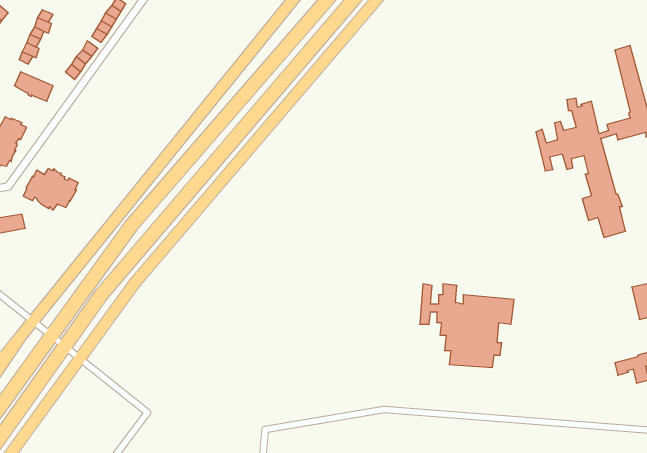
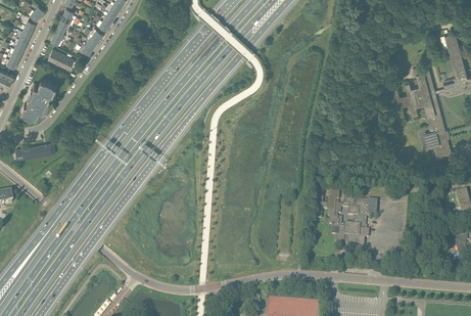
building: [23,169,78,210] -> none

